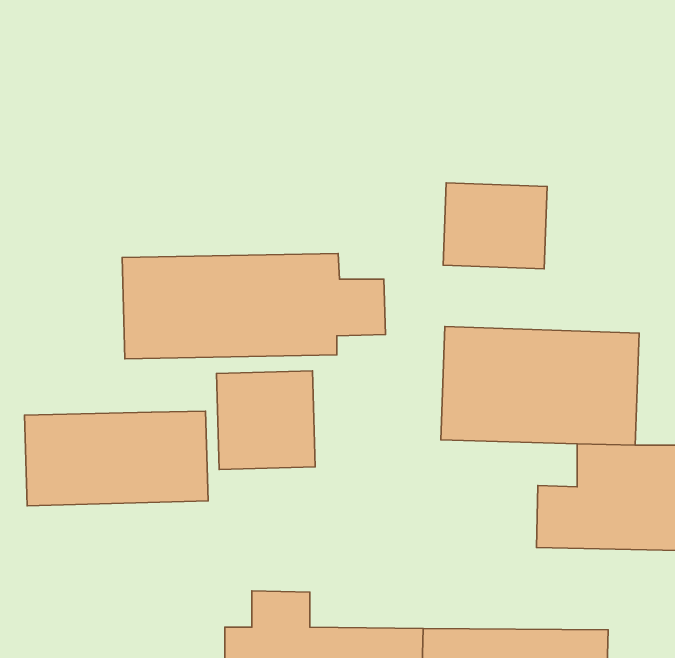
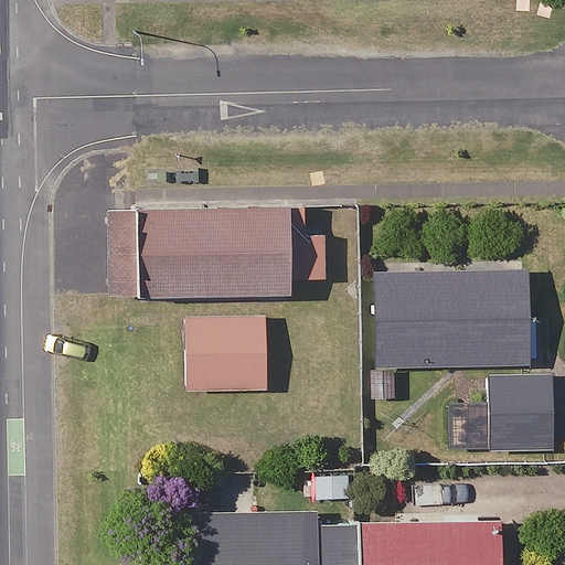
building: [443,183,547,269] -> none
building: [25,411,208,506] -> none

